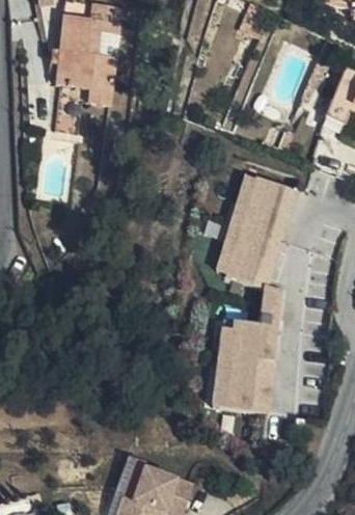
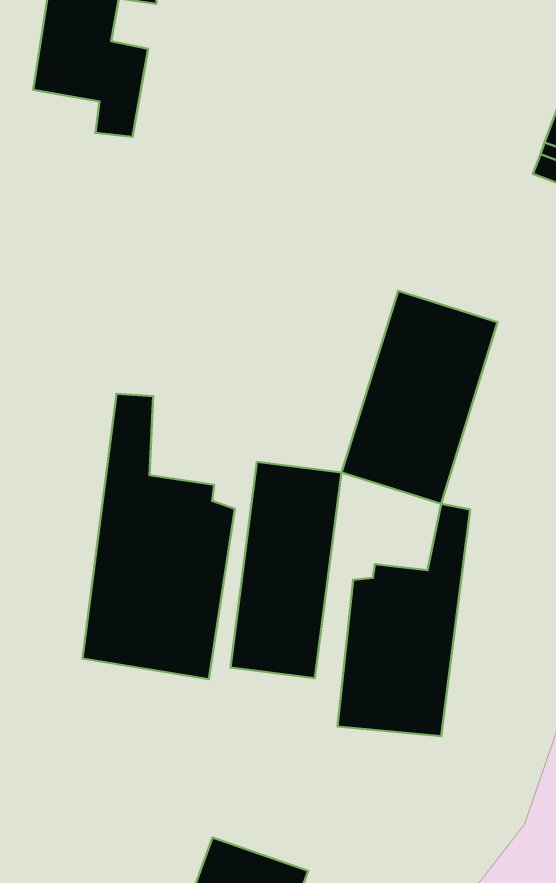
building: none -> [82,394,235,679]
building: none -> [230,462,341,678]

